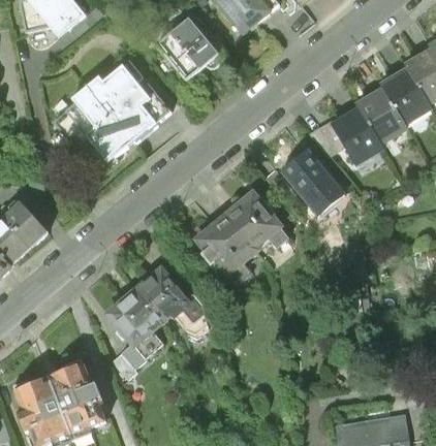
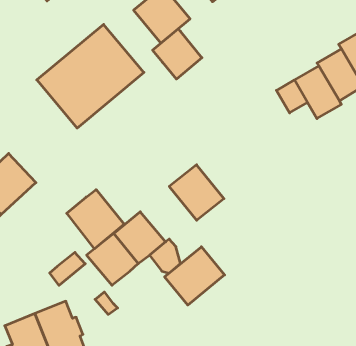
building: none -> [153,29,202,79]
building: [280,150,342,216] -> none
building: [225,190,285,251] -> none
building: none -> [67,190,124,249]
building: none -> [165,247,225,305]
building: [124,330,163,367] -> [50,252,85,285]

